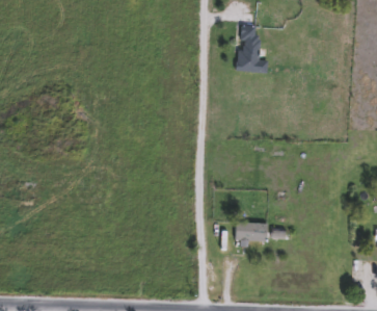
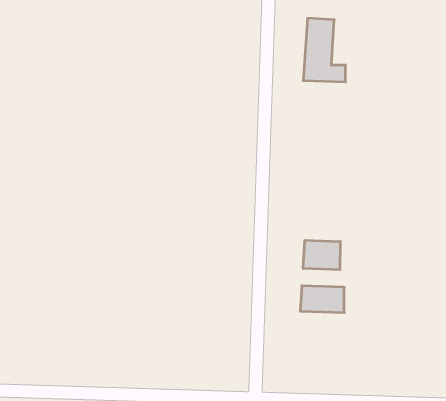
building: none -> [303,240,340,270]

